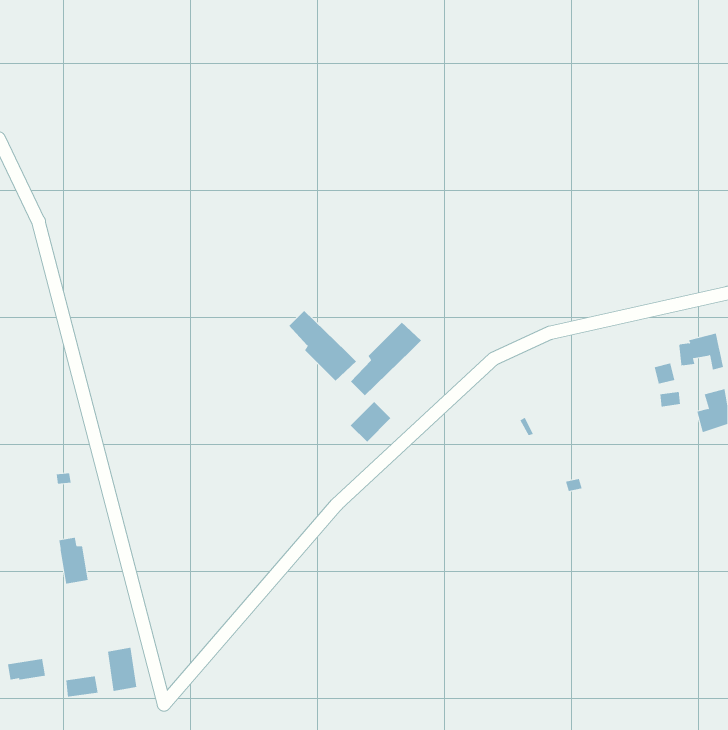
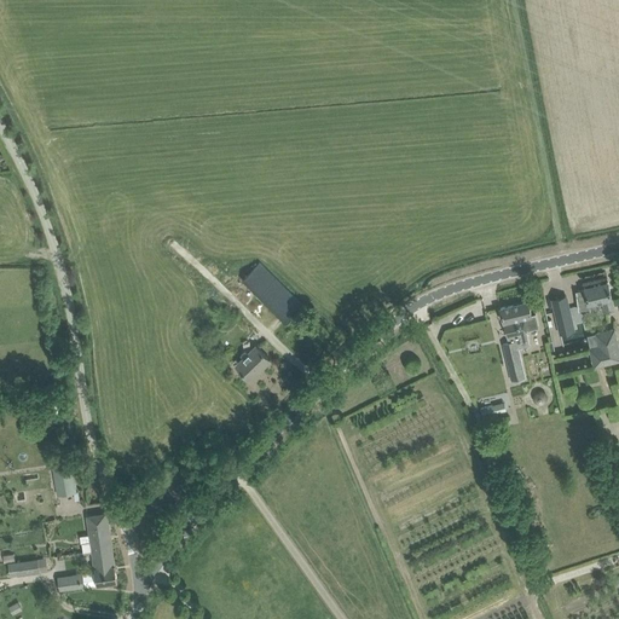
building: [350,322,422,396] -> none
building: none -> [499,301,537,381]
building: [350,401,391,443] -> [235,345,270,380]
building: none -> [81,513,111,553]

